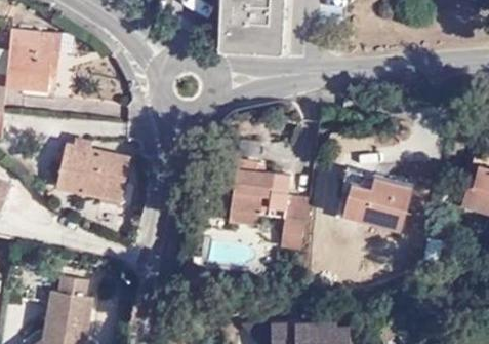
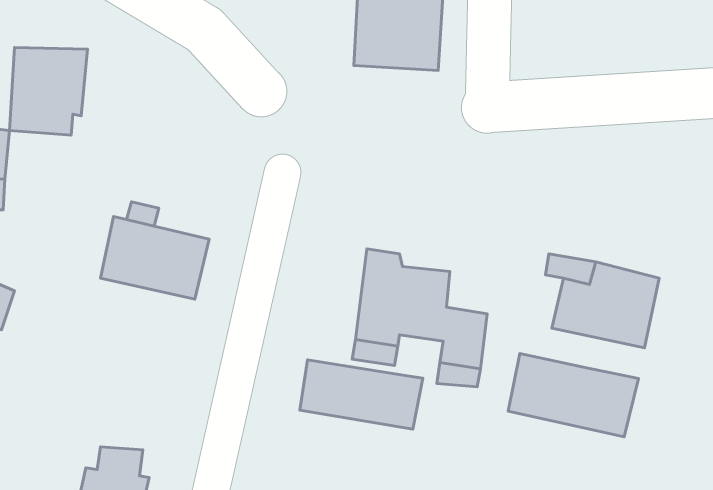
building: none -> [508,354,639,437]
building: none -> [300,360,423,429]

